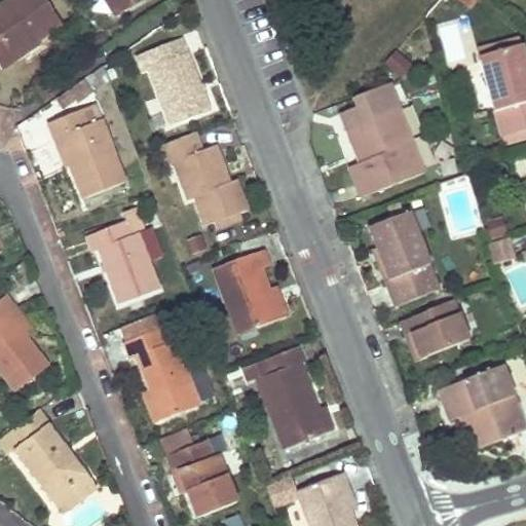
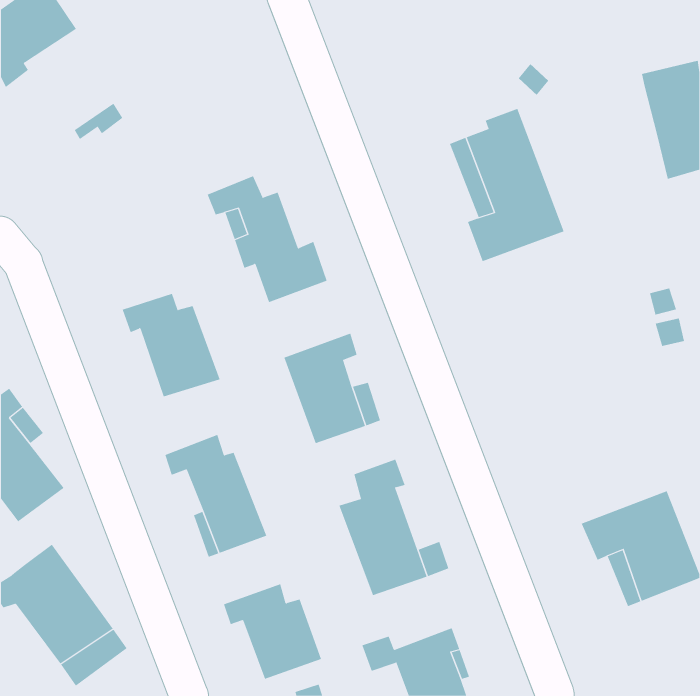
building: [148,39,204,123] -> none
building: [46,106,128,194] -> none
building: [372,213,439,306] -> none
building: [407,298,471,361] -> none

